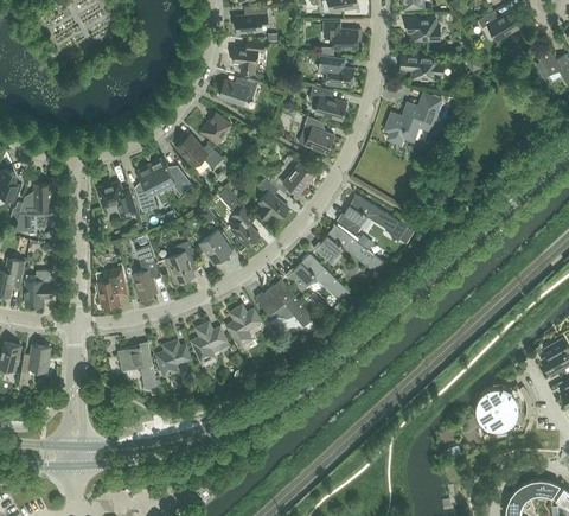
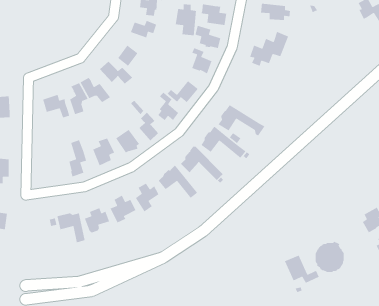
building: none -> [175,4,197,36]
building: [96,268,126,307] -> none
building: none -> [284,254,320,284]

